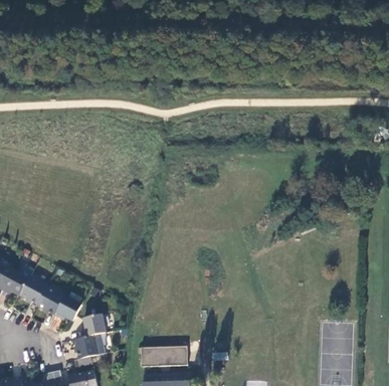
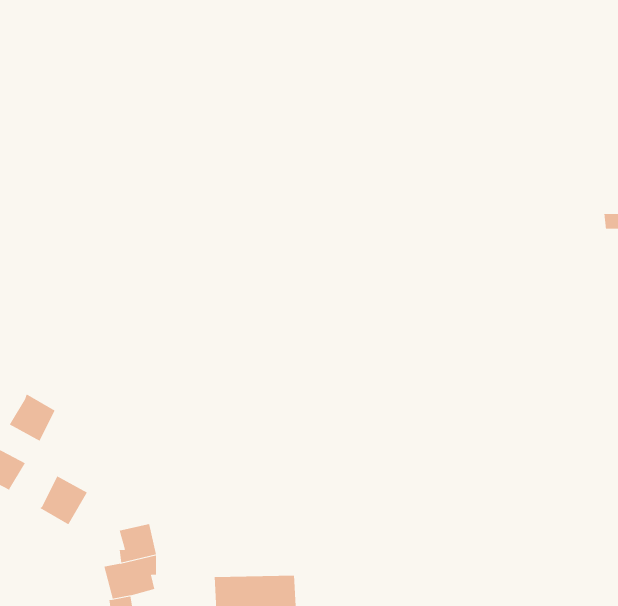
building: [21,277,48,306] -> [9,393,56,442]
building: [55,297,82,322] -> none

